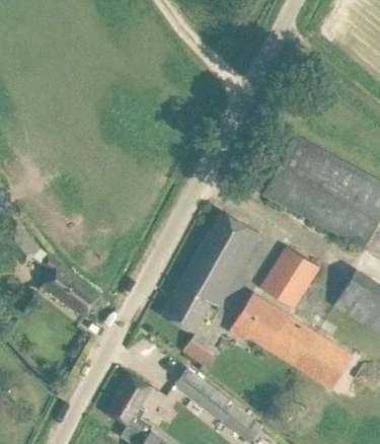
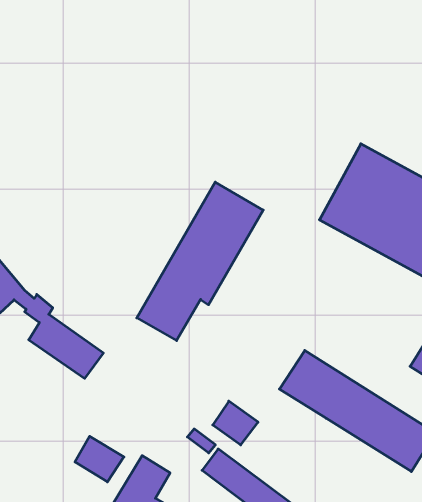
building: [162,212,258,332] -> [137,182,263,341]
building: [260,246,319,309] -> none
building: none -> [75,436,124,482]

